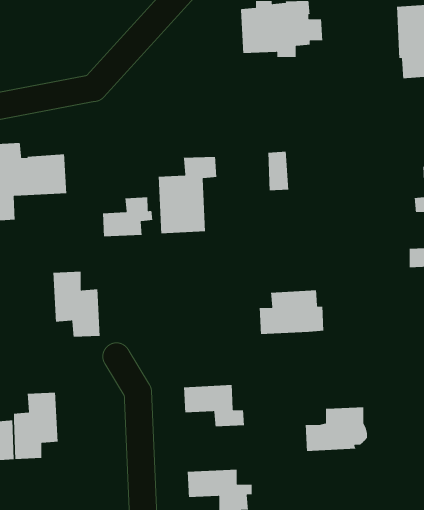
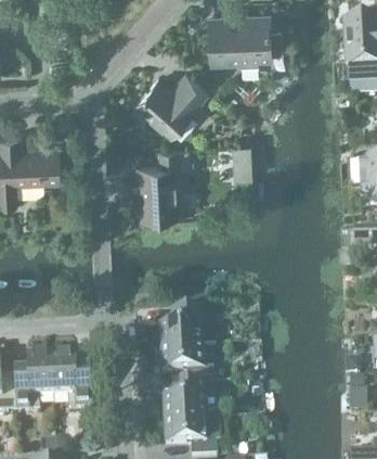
building: none -> [136,67,208,130]
building: [102,197,153,237] -> none
building: [53,271,101,338] -> [52,346,93,404]
building: [259,289,324,335] -> [160,304,217,343]
building: [305,406,368,452] -> [164,377,218,416]

